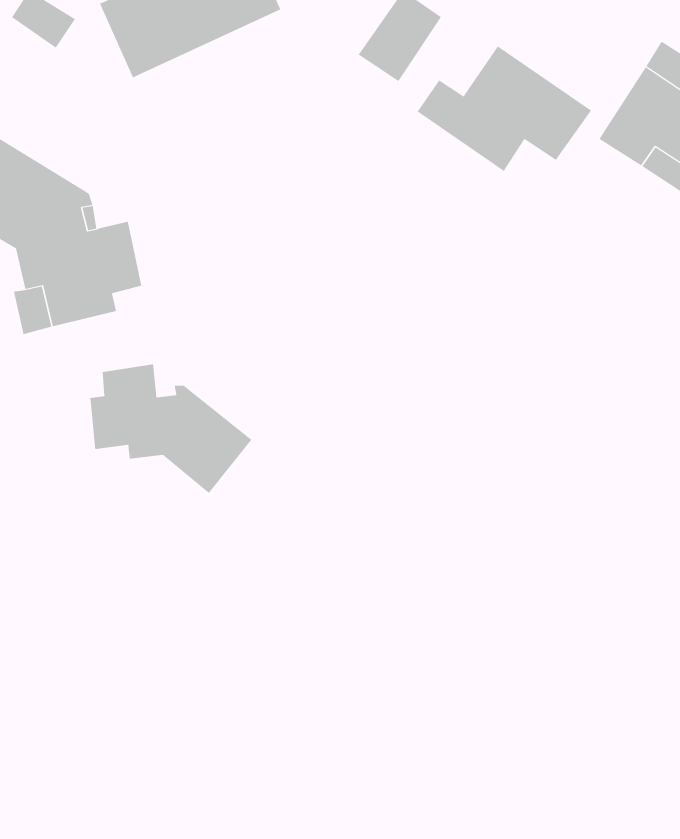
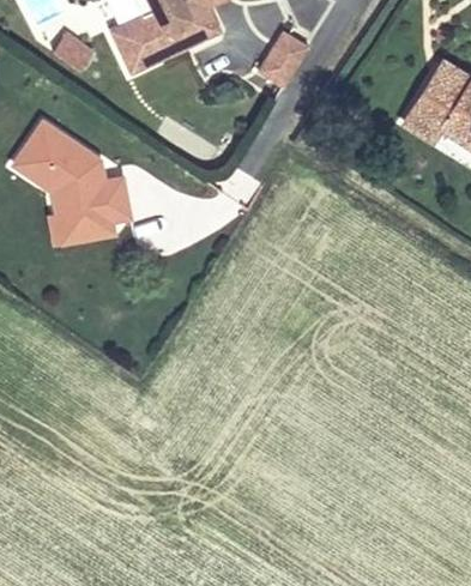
building: [417,45,592,172] -> none
building: [90,364,252,494] -> none

